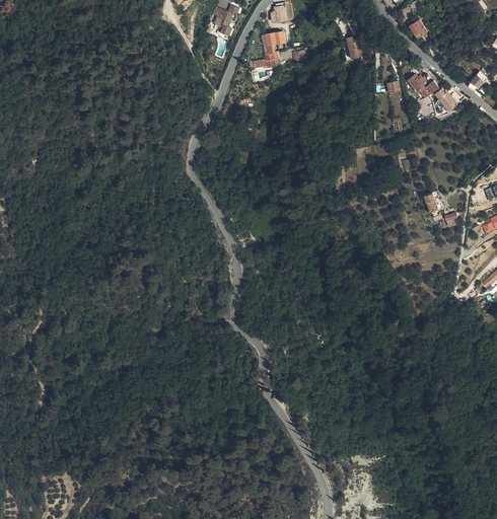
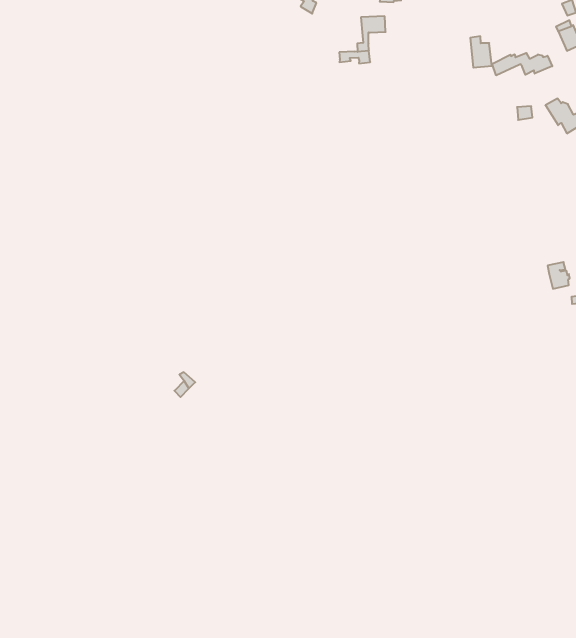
building: none -> [492,53,552,75]

